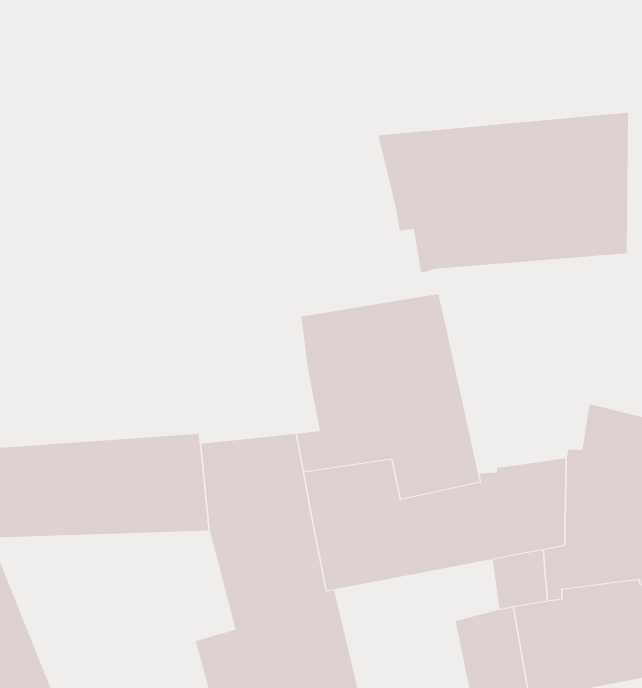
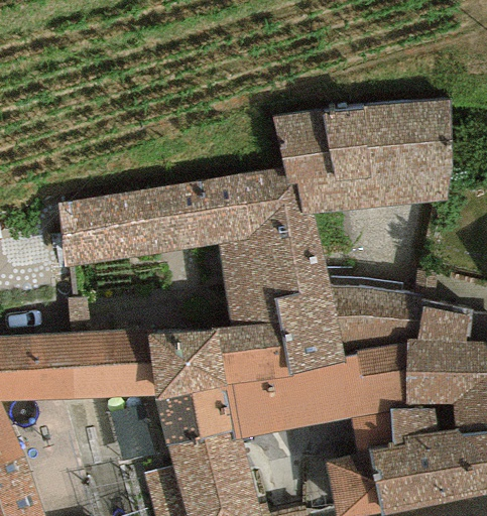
building: none -> [60,167,317,267]
building: none -> [330,284,424,356]

